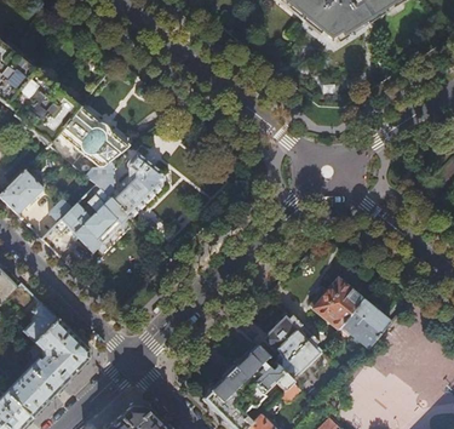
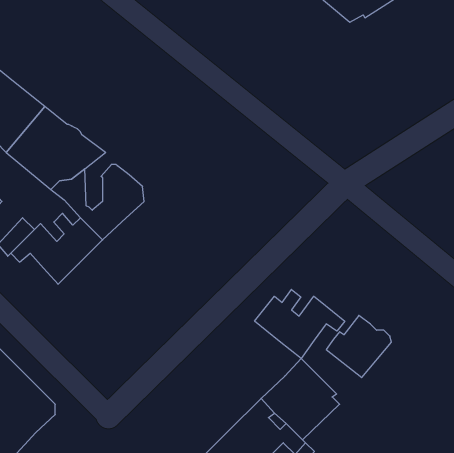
building: none -> [255,289,345,358]
building: [338,299,390,348] -> none

